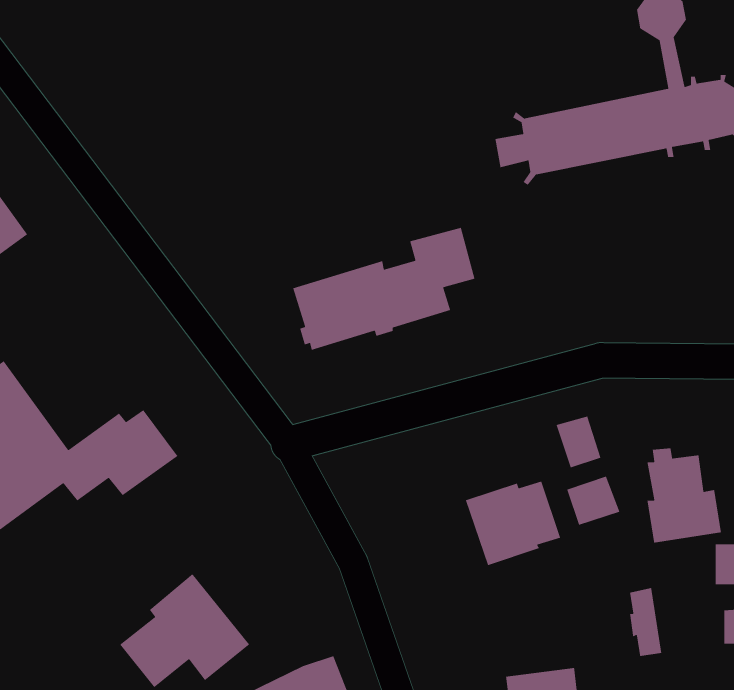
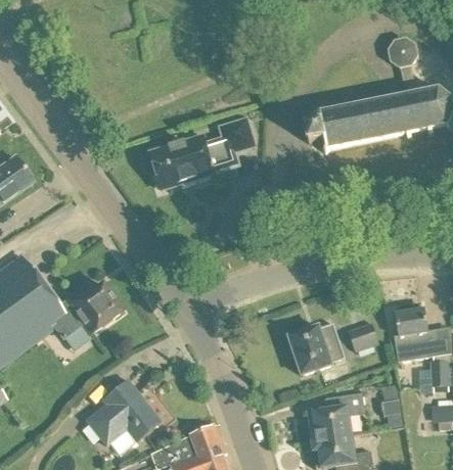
building: [292,227,475,351] -> [148,116,256,189]
building: [555,415,602,469] -> none
building: none -> [307,392,364,439]

